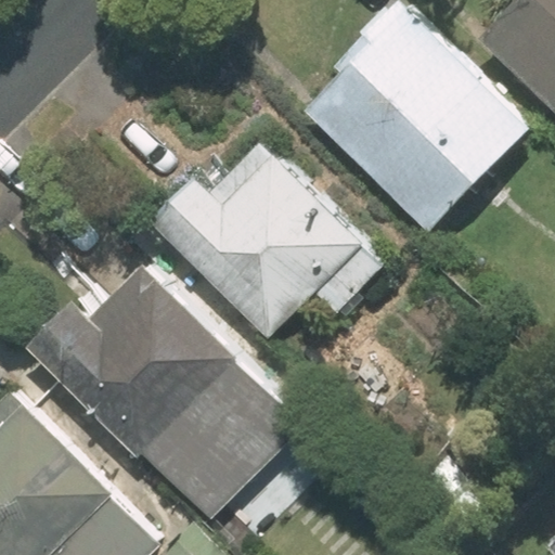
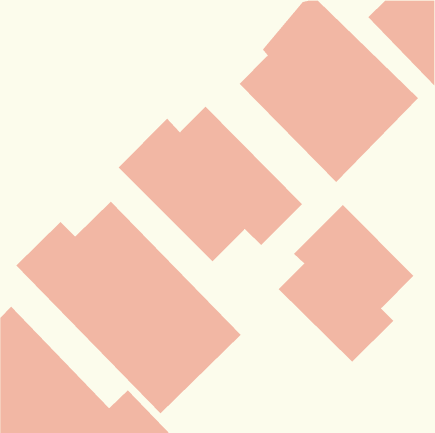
building: none -> [278,204,414,363]

